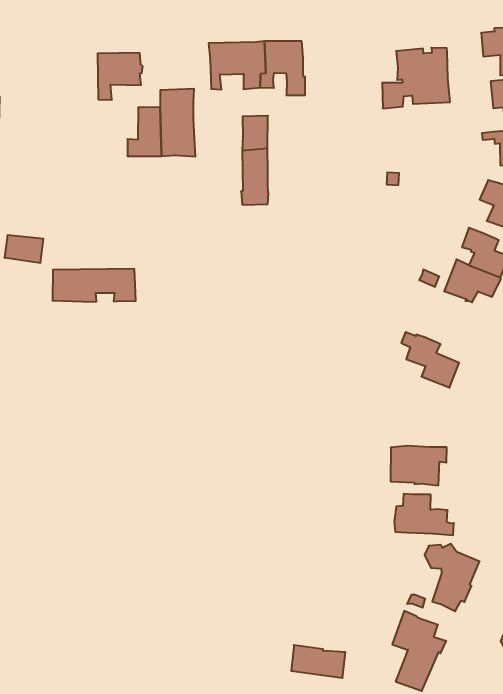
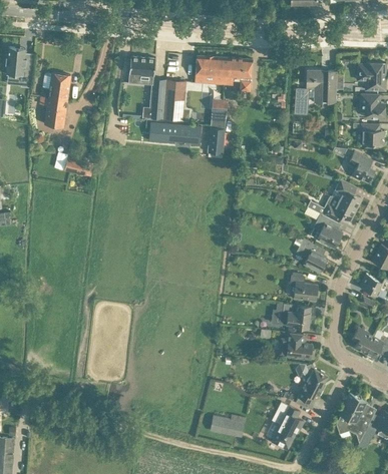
building: [52,269,136,302] -> [150,122,201,145]
building: none -> [313,213,343,248]
building: none -> [290,275,318,300]

